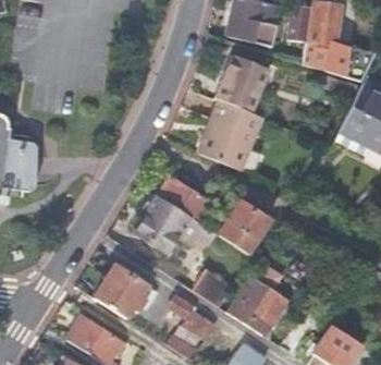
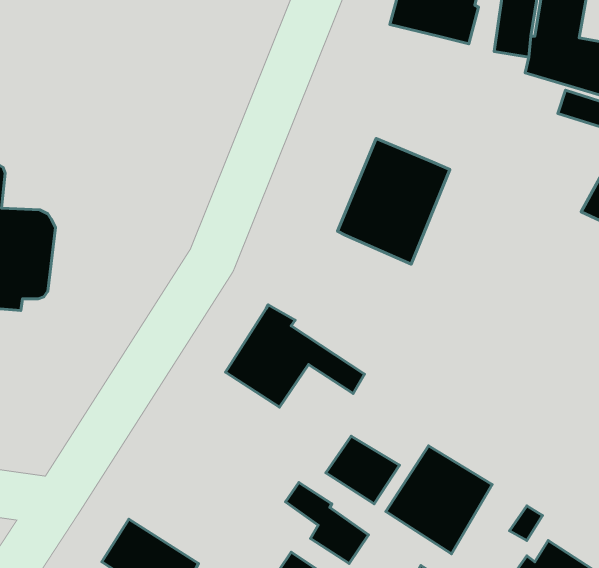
building: [216,54,271,113] -> none
building: [147,168,270,254] -> none
building: [95,265,149,318] -> none

